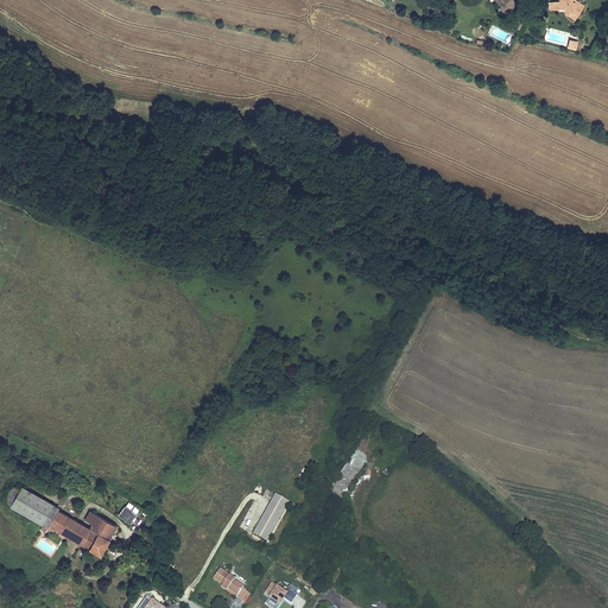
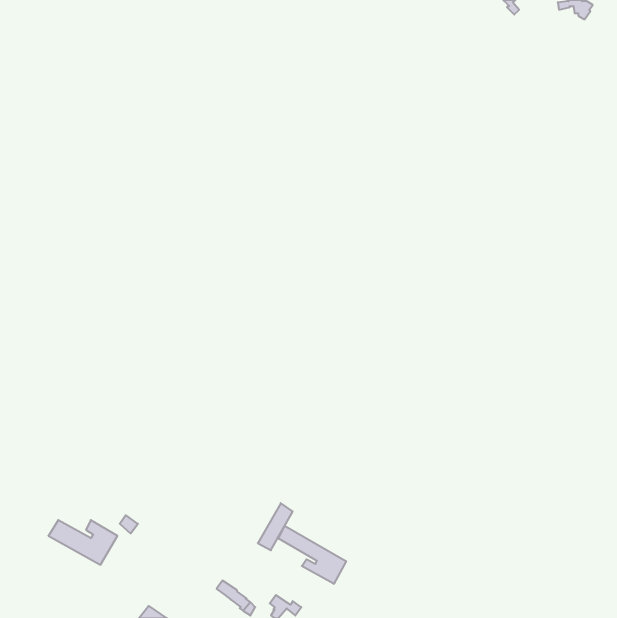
building: [6,486,58,528] -> none
building: none -> [278,526,346,584]

